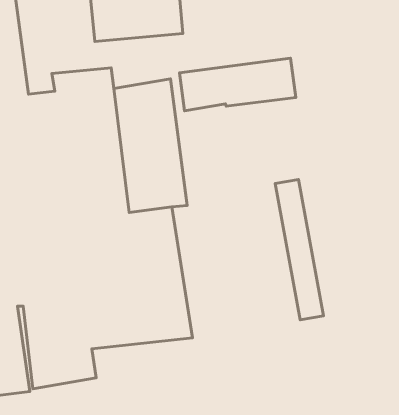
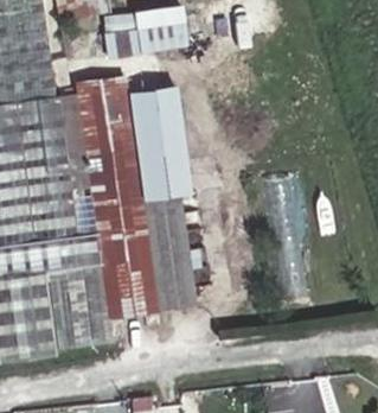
building: [179,58,296,111] -> none

